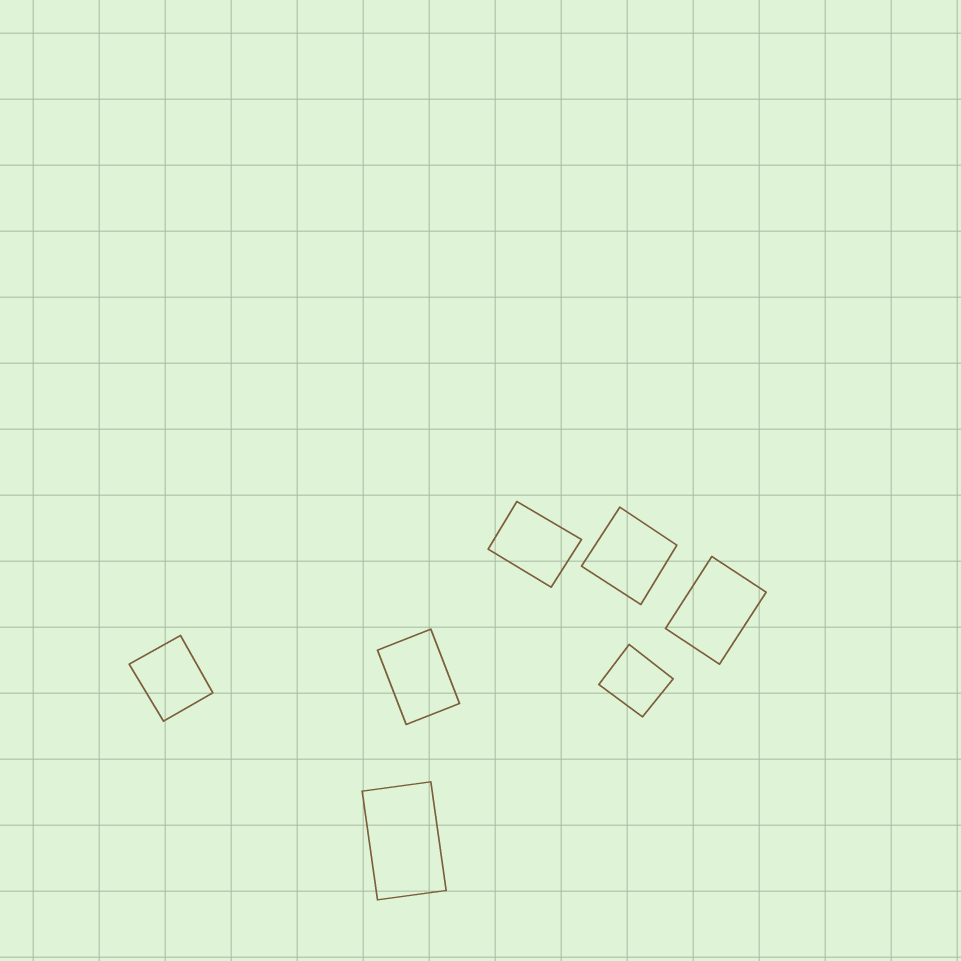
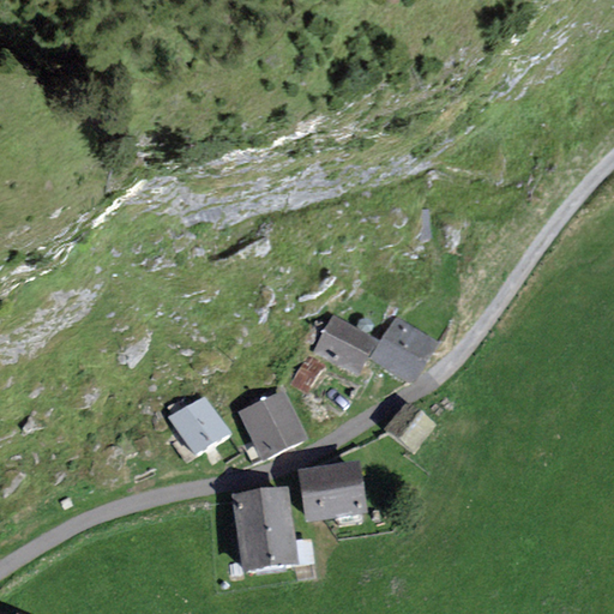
building: [666,557,766,664] -> none
building: [129,635,213,721] -> [173,395,225,449]
building: none -> [299,465,359,518]

